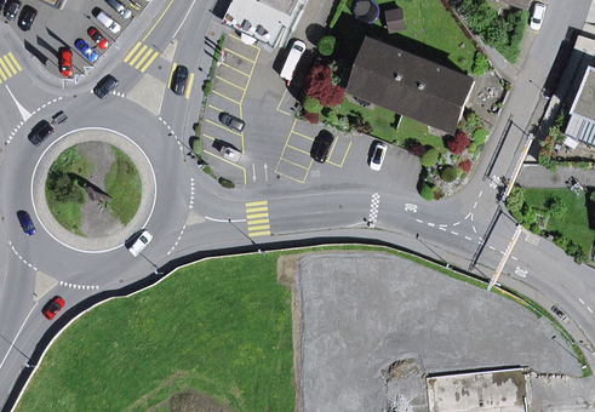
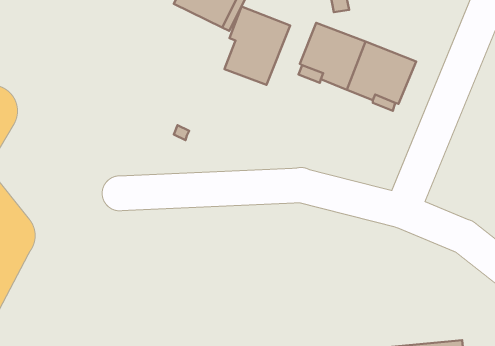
building: none -> [225,6,290,85]

